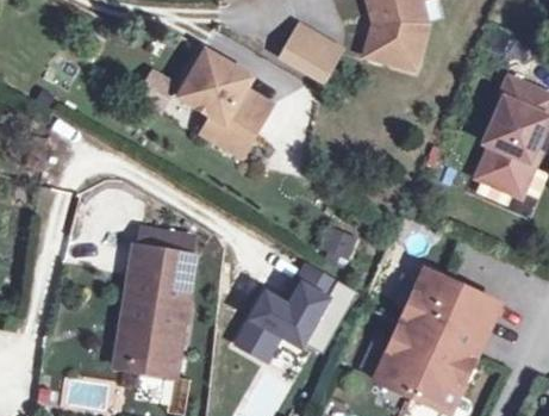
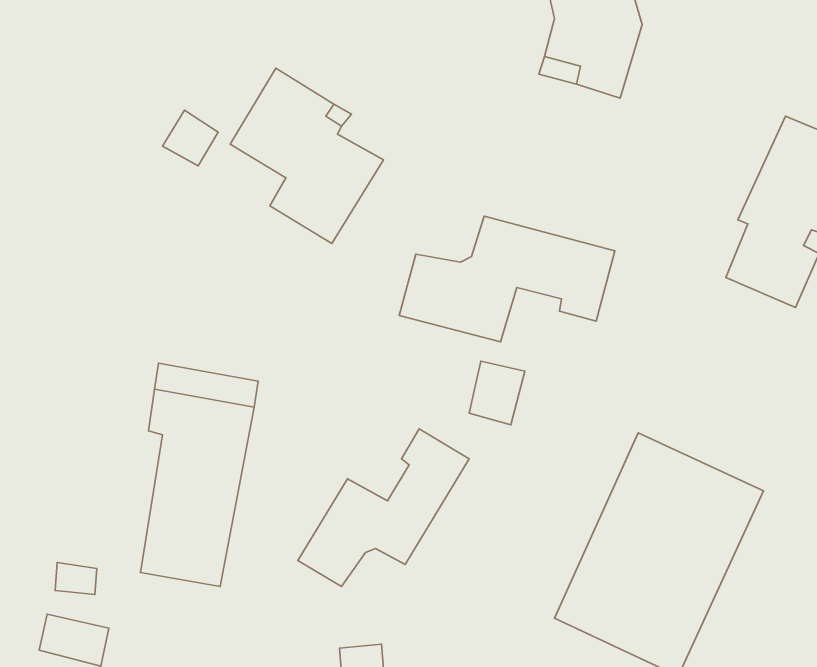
building: [282,26,339,79] -> none
building: none -> [399,216,615,342]
building: [114,267,174,371] -> none

